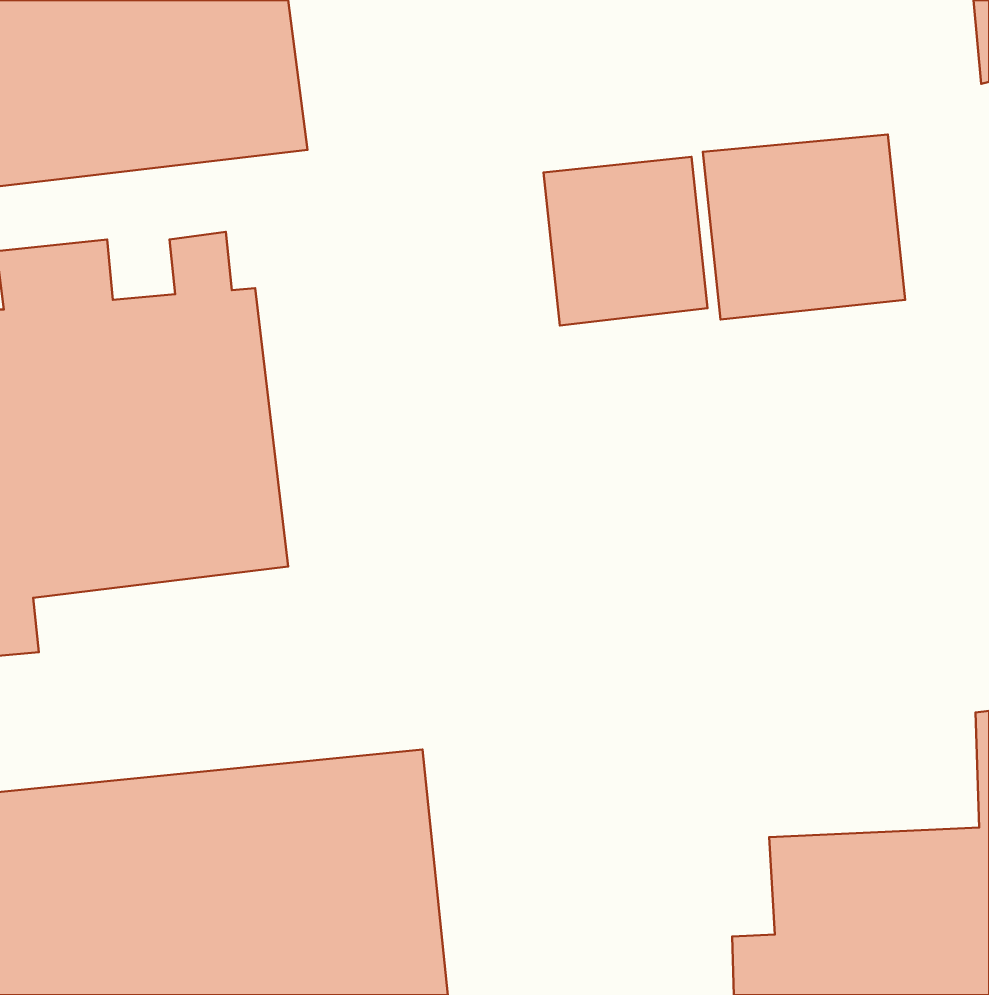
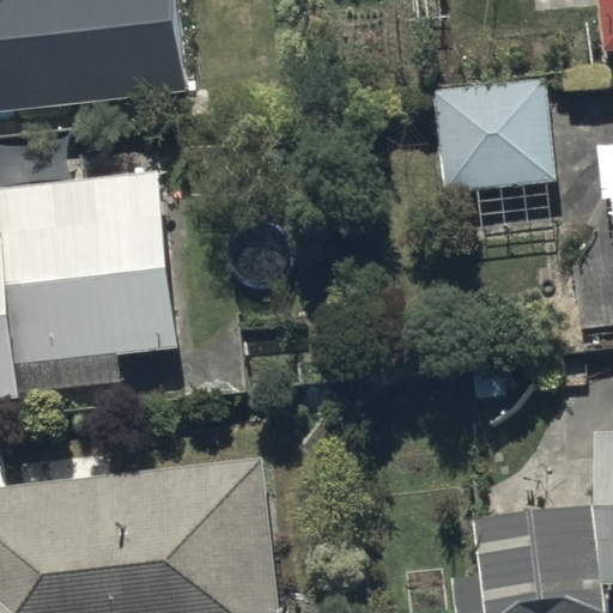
building: [544,157,707,326] -> none

